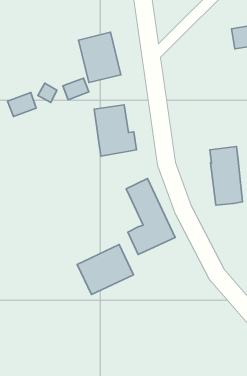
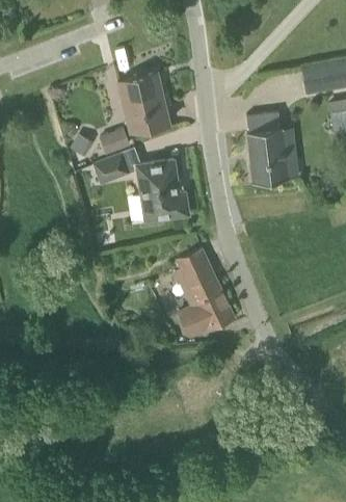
building: [8,92,36,117] -> [94,154,128,183]
building: [210,146,243,205] -> [246,112,286,183]
building: [77,245,133,295] -> none

